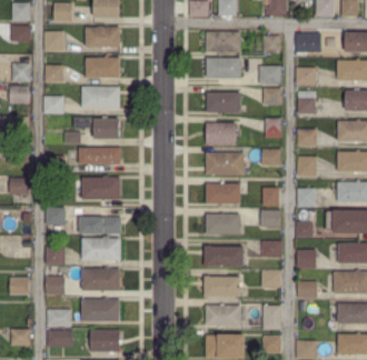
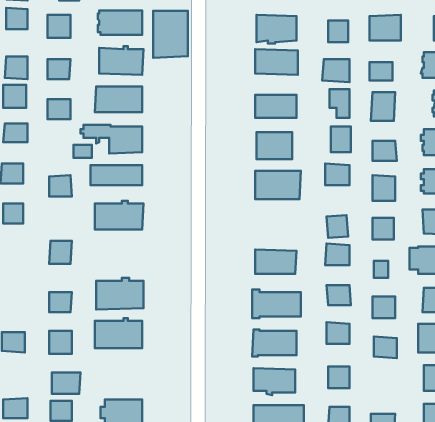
building: none -> [153,11,188,58]
building: [205,181,240,206] -> none
building: [80,217,120,232] -> none
building: [82,298,120,321] -> none

